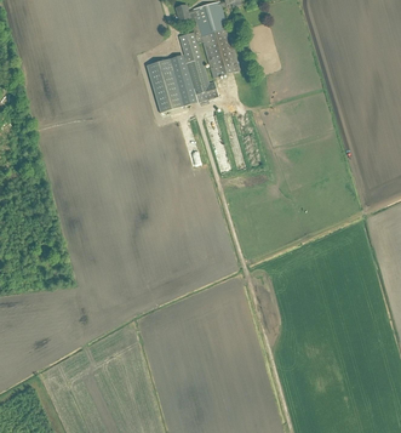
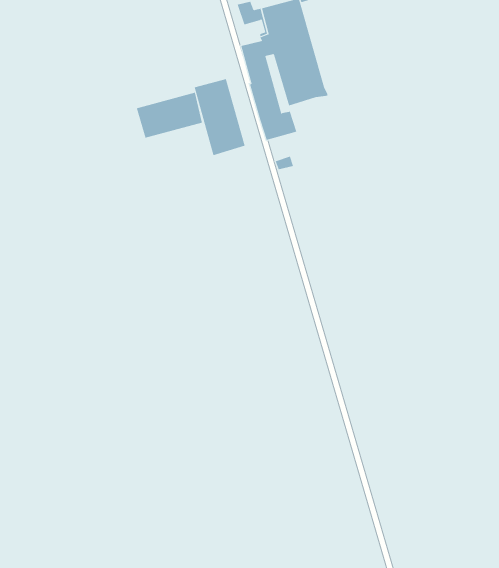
building: none -> [136,92,203,139]

